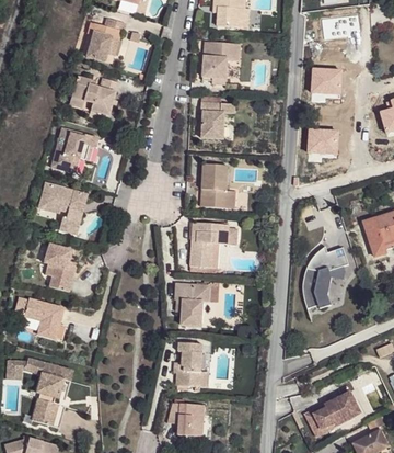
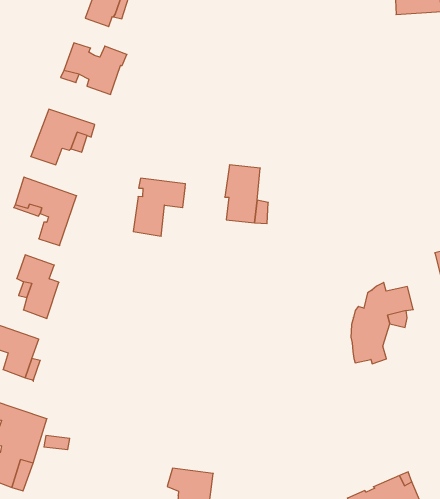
building: [200,42,239,84] -> none
building: [312,66,344,93] -> none
building: [199,102,233,139] -> none
building: [309,128,340,152] -> none
building: [189,223,228,267] -> [133,178,185,236]
building: [174,282,209,325] -> none
building: [175,342,202,385] -> none

